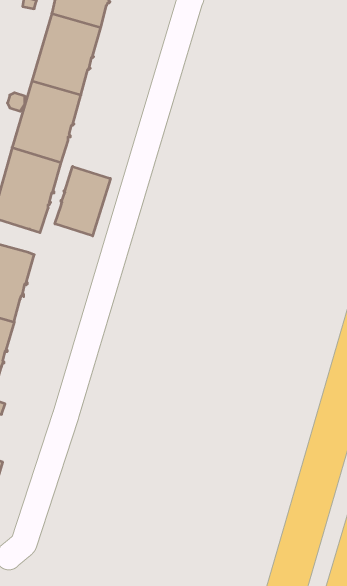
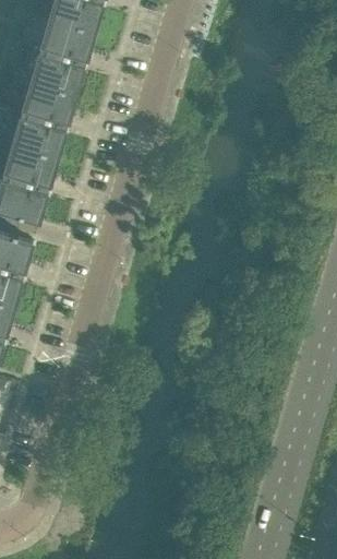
building: [55,166,110,236] -> none

